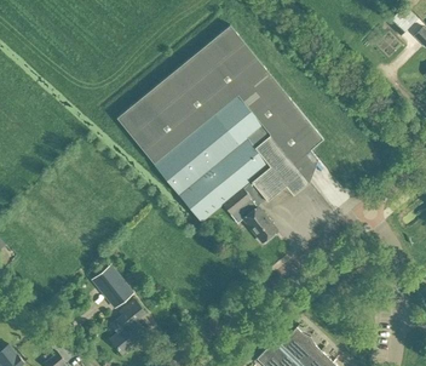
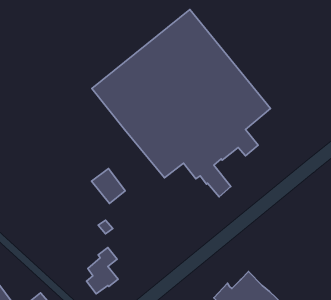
building: [94,267,133,307] -> [92,169,125,203]

